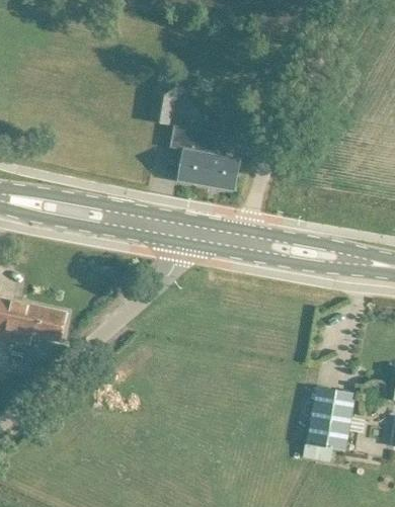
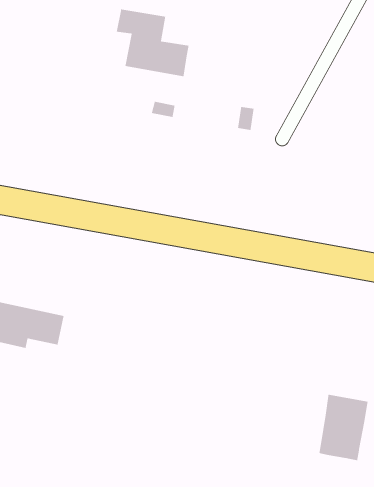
building: [170,125,240,190] -> [116,9,190,77]

